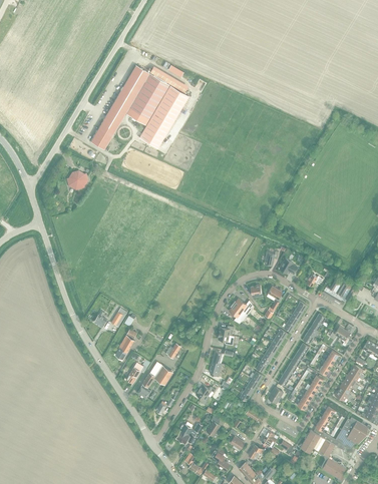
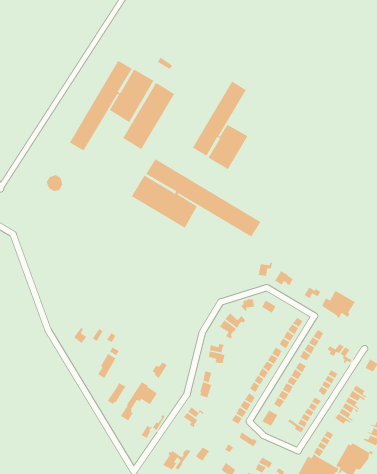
building: none -> [192,80,249,170]
building: none -> [131,158,262,238]

